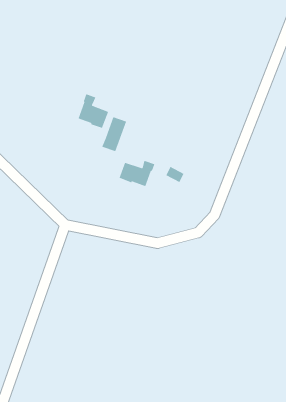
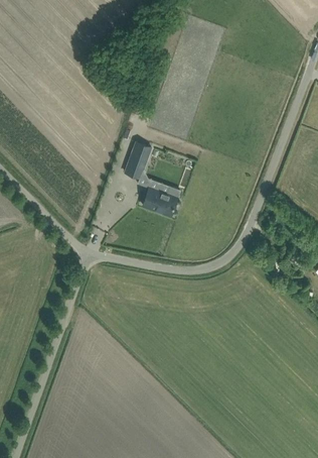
building: [78,93,109,129] -> none

